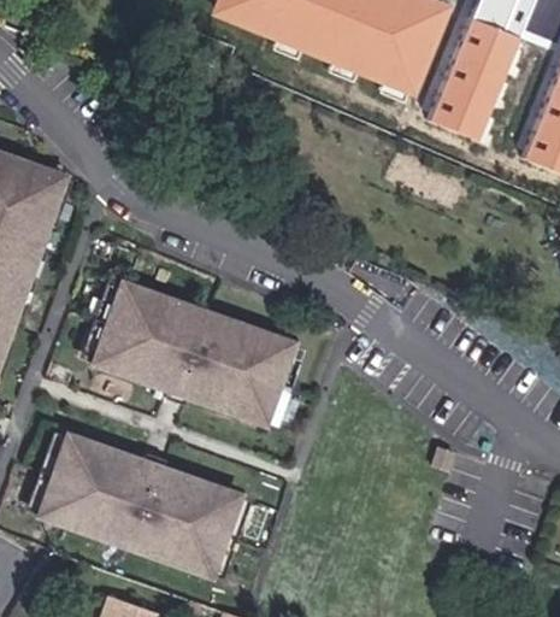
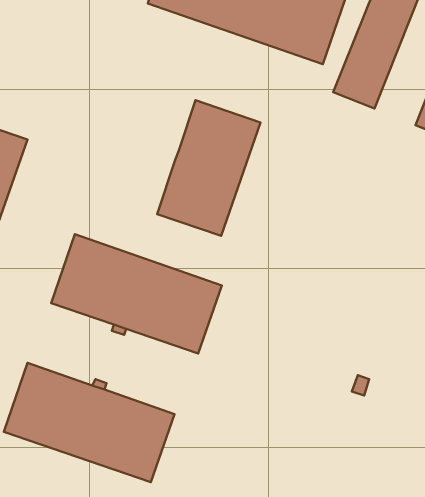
building: none -> [157,100,260,236]

